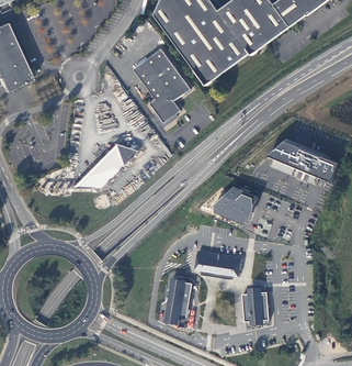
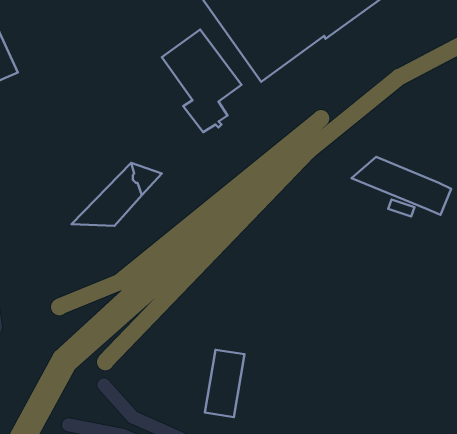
building: [215,186,261,223] -> none
building: [195,249,243,277] -> none
building: [243,286,271,324] -> none

